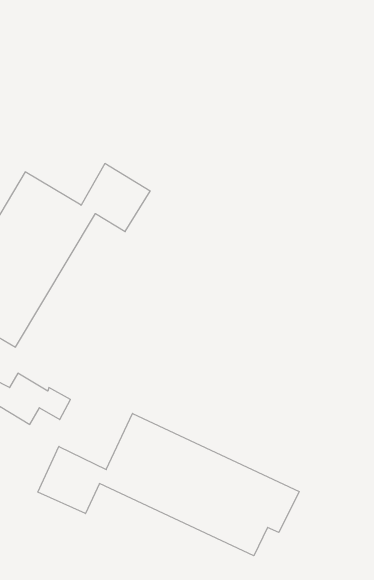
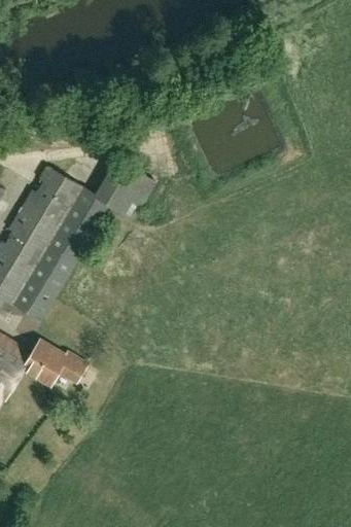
building: [38,413,299,556] -> none

